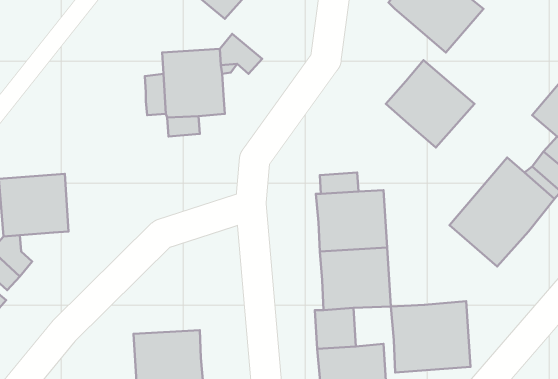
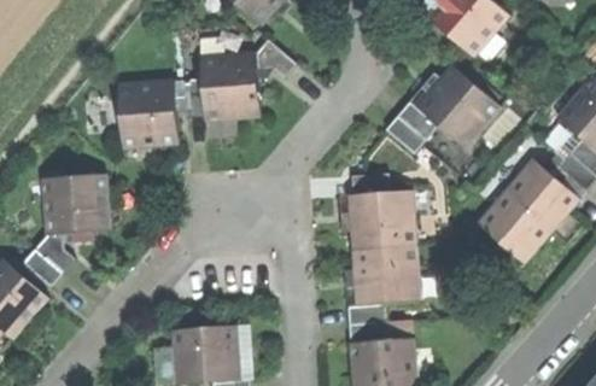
building: none -> [118,80,179,147]
building: none -> [385,101,438,153]
building: [391,301,470,372] -> none

